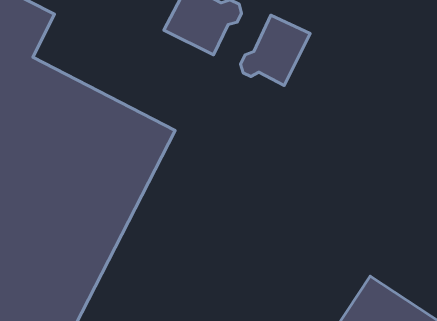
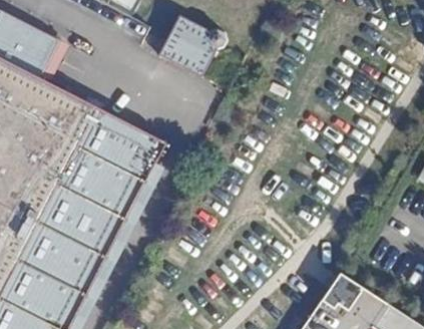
building: [241,15,310,86] -> none

